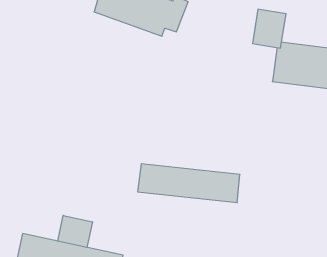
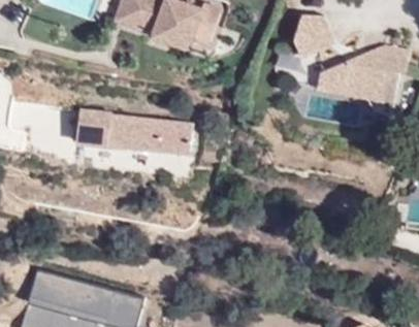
building: [138,164,240,203] -> [80,106,197,151]
building: [58,215,92,247] -> none

